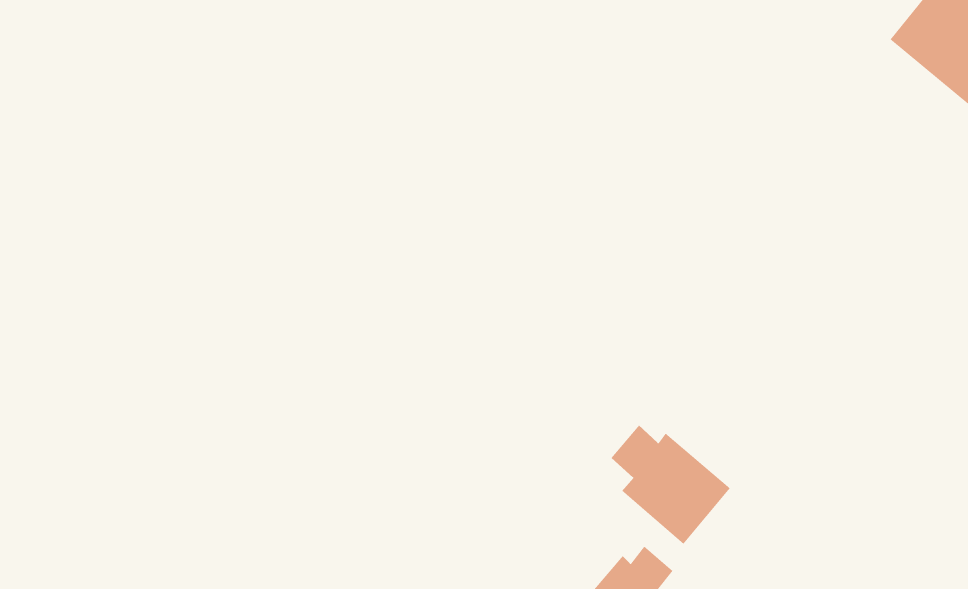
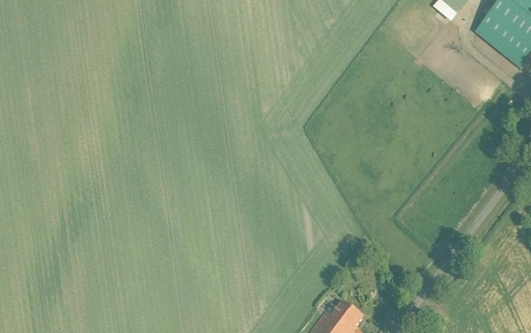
building: [611,424,731,545] -> none

